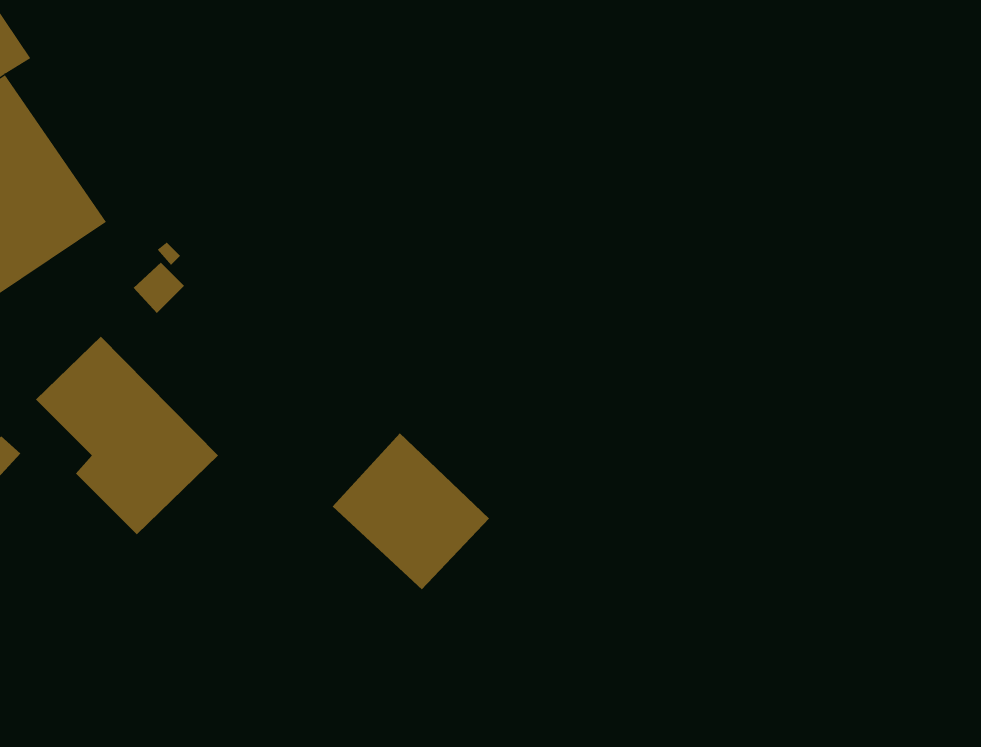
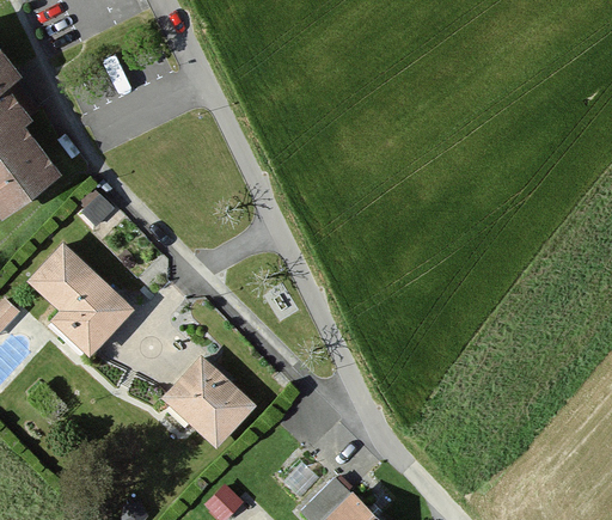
building: [332,433,490,590] -> [159,354,253,448]

